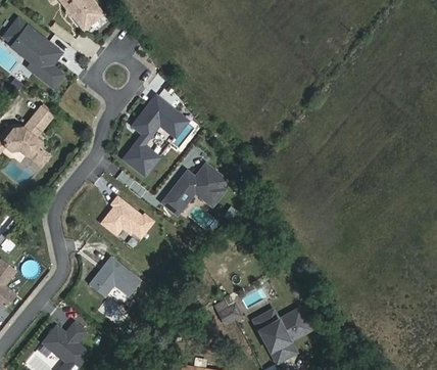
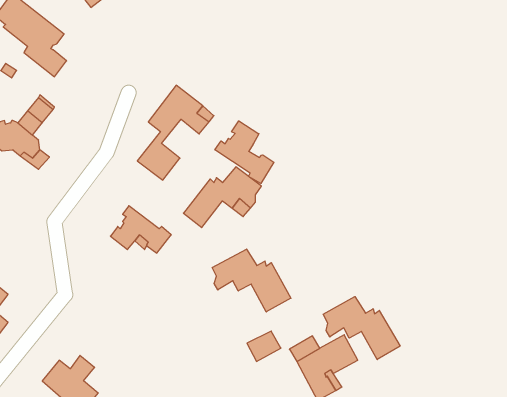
building: none -> [215,121,274,183]
building: none -> [212,249,291,312]
building: [89,257,139,295] -> none
building: none -> [323,297,400,360]

